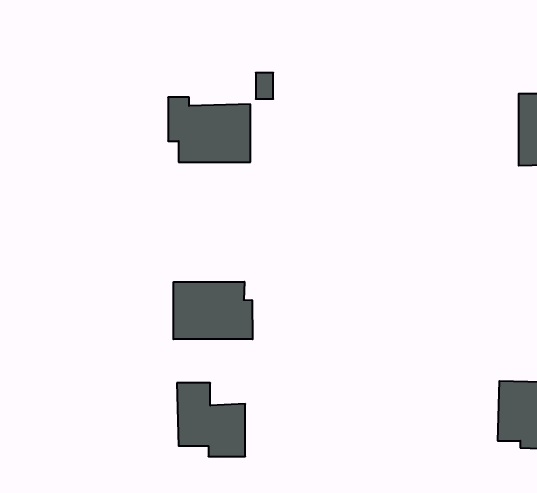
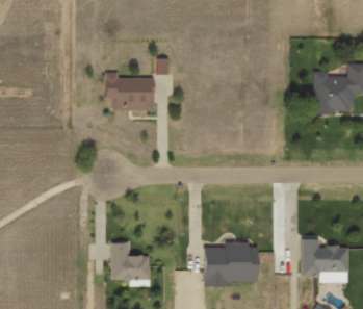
building: [173,282,253,339] -> none
building: none -> [205,241,262,286]

